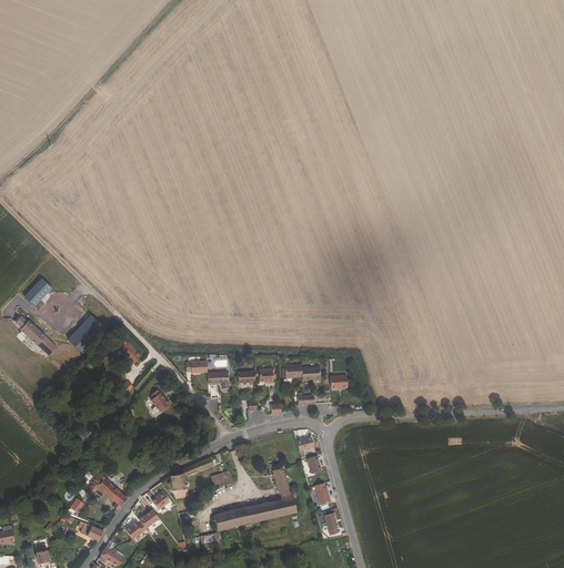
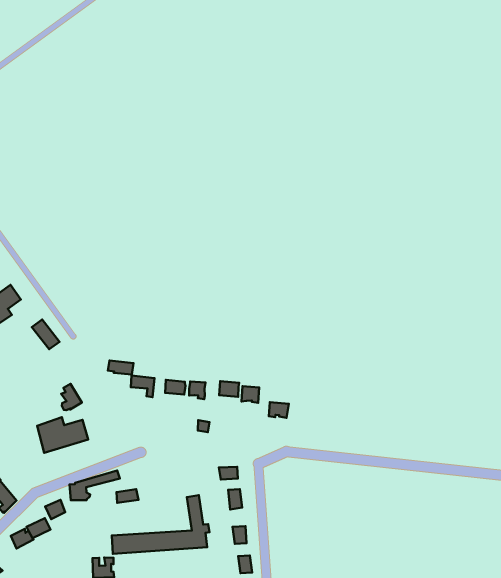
building: none -> [37,417,88,453]

